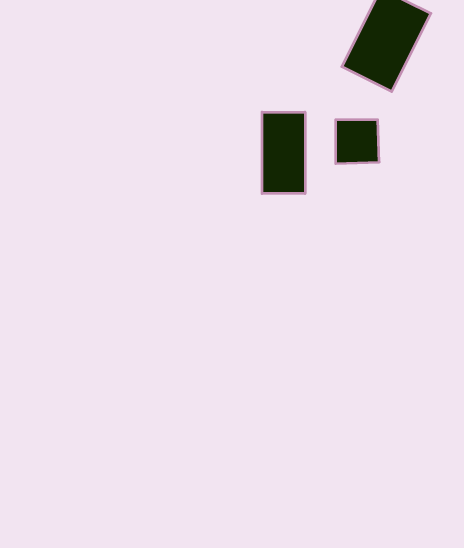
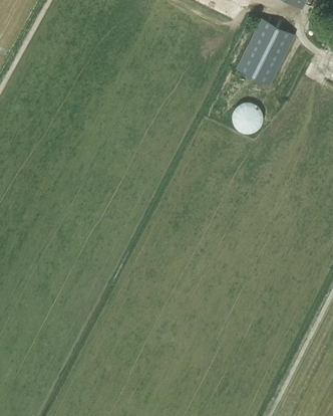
building: [262,112,305,194] -> none

